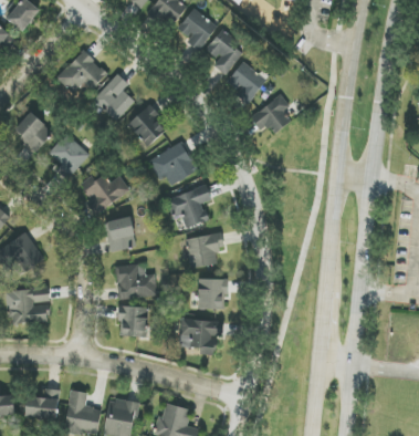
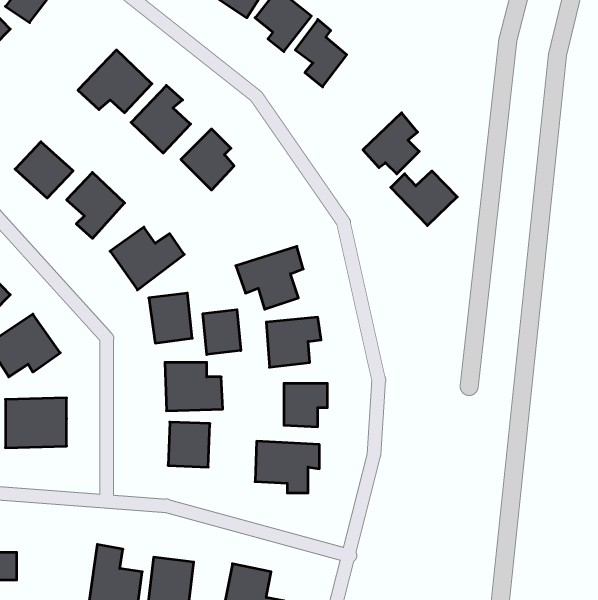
building: [224,61,266,102] -> none
building: none -> [391,171,457,226]
building: [150,142,197,188] -> none
building: none -> [203,310,241,355]
building: [24,388,61,419] -> none

